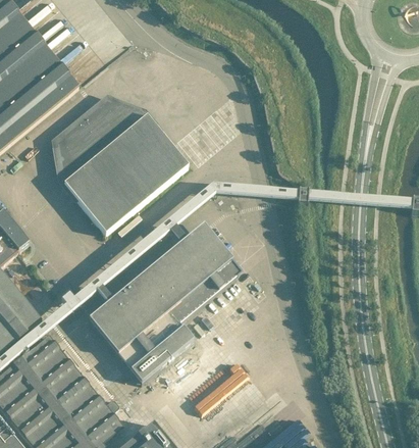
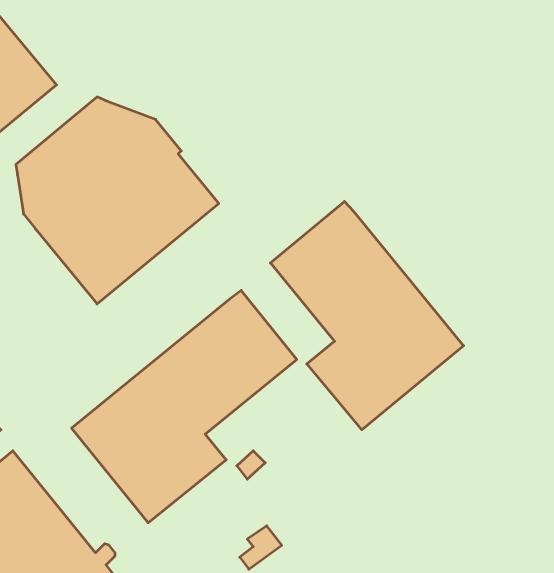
building: none -> [270,201,464,430]

